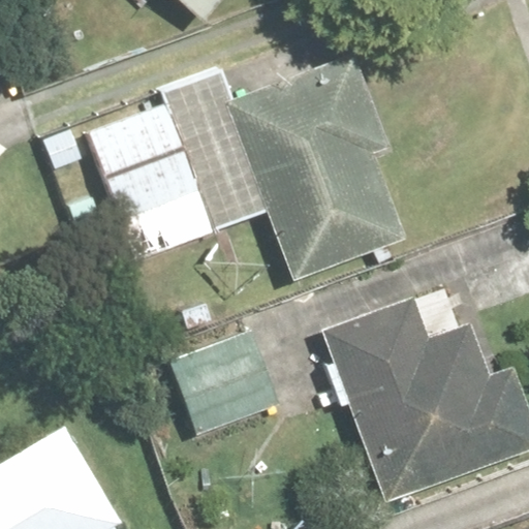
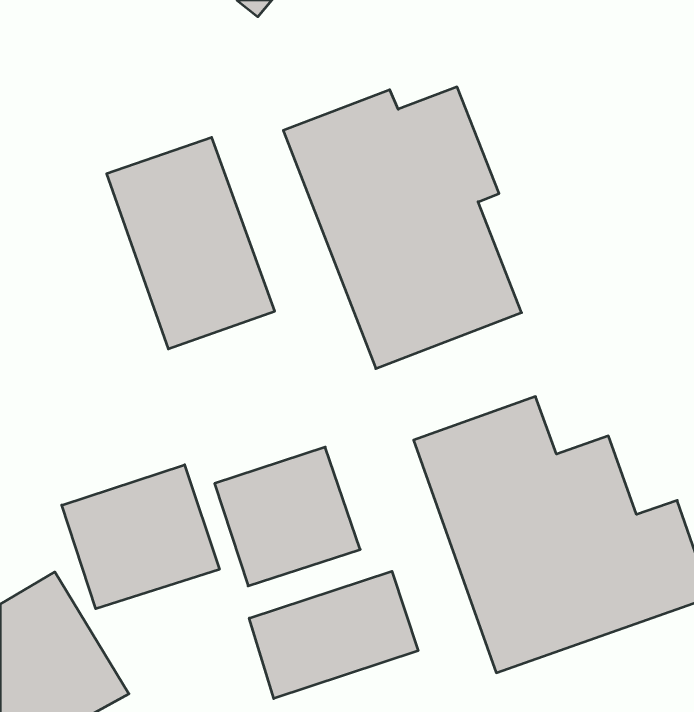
building: none -> [62,465,219,609]
building: none -> [249,571,418,699]

